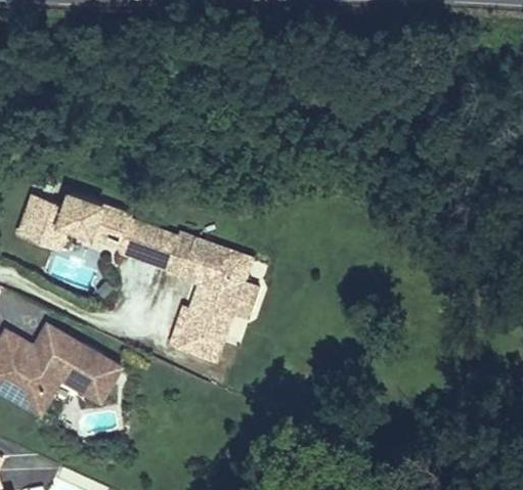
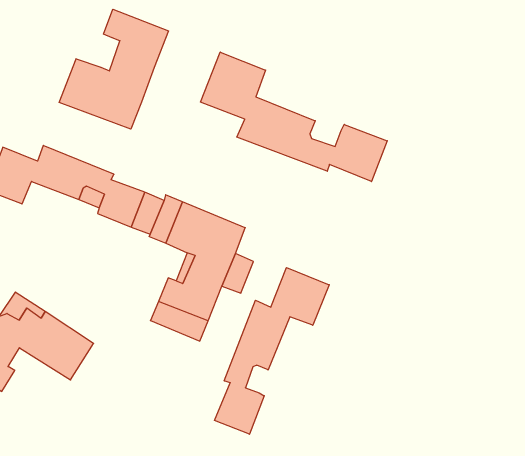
building: none -> [59,9,168,129]
building: none -> [201,52,387,182]
building: none -> [214,268,329,434]

